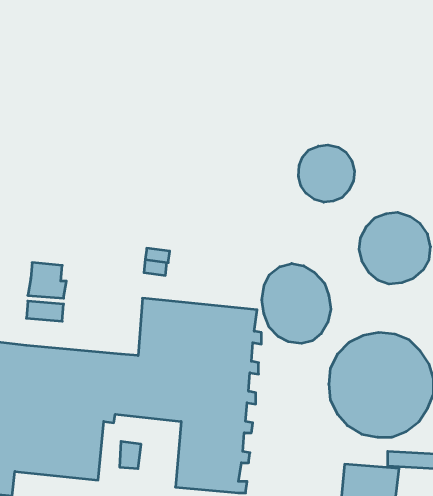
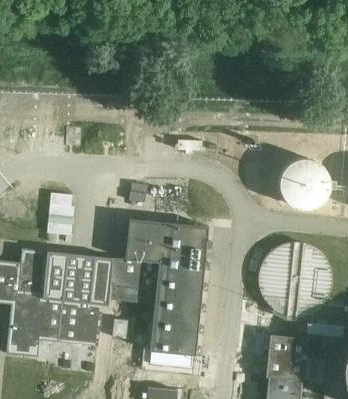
building: [299,145,355,202] -> none
building: [262,263,331,343] -> none

